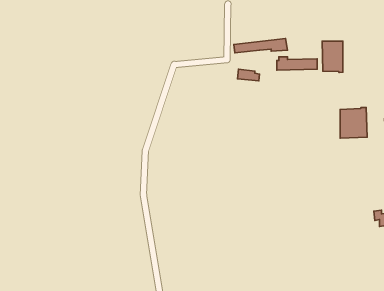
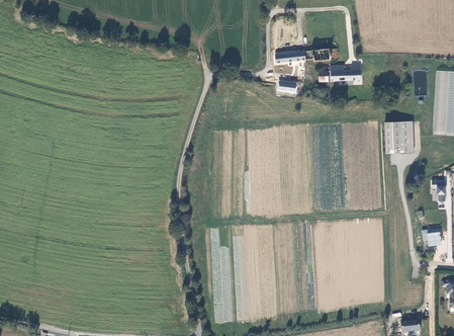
building: [322,41,343,72] -> none

